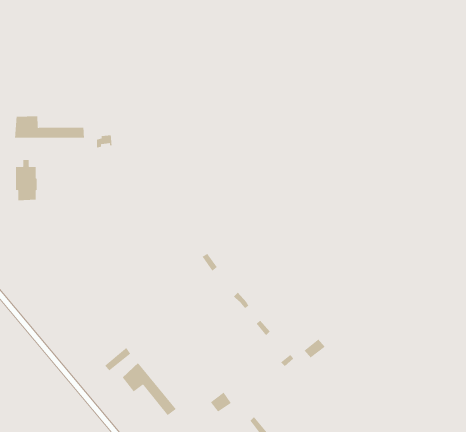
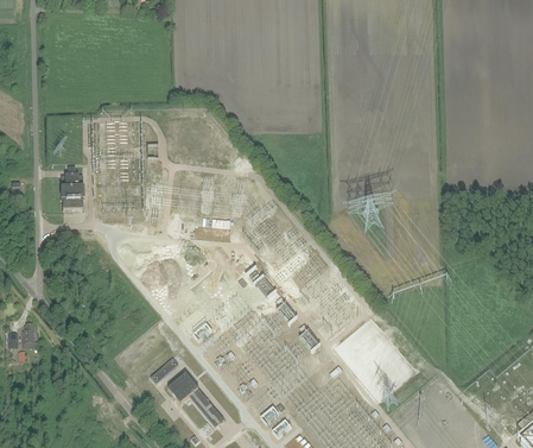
building: [14,116,85,139] -> none

